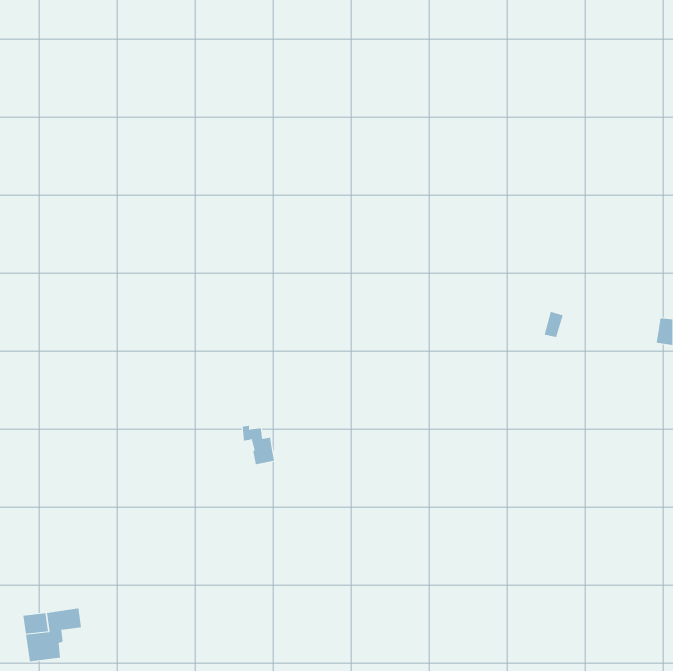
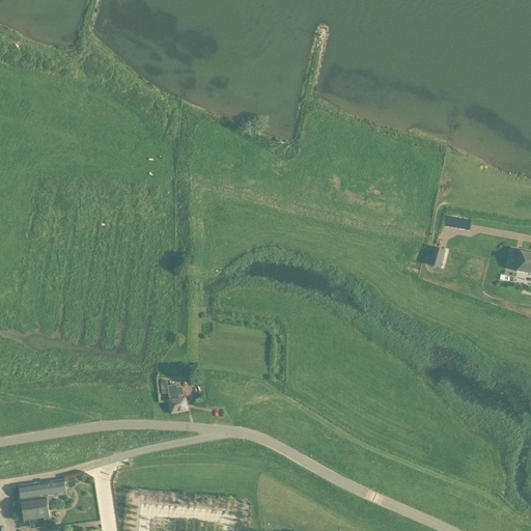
building: [242,425,275,465] -> [160,381,186,412]

